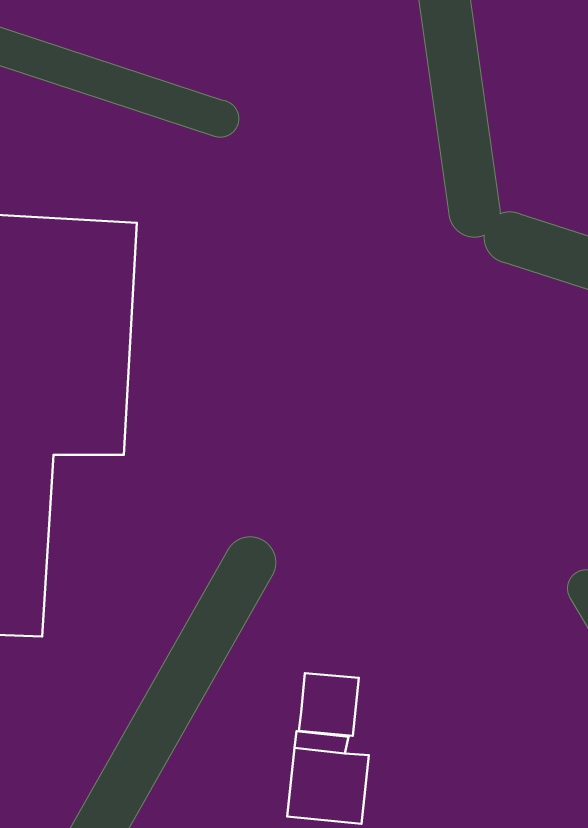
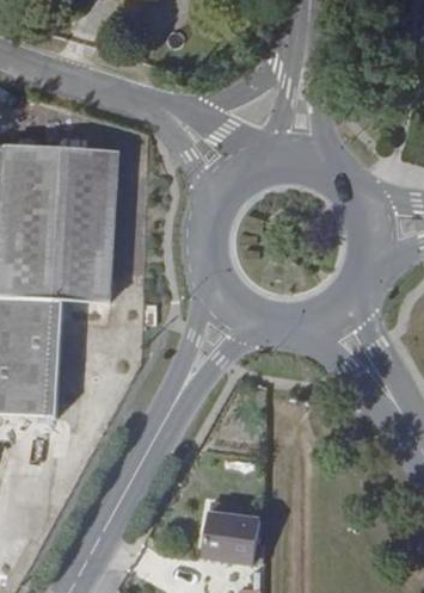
building: [299,673,359,736] -> none

